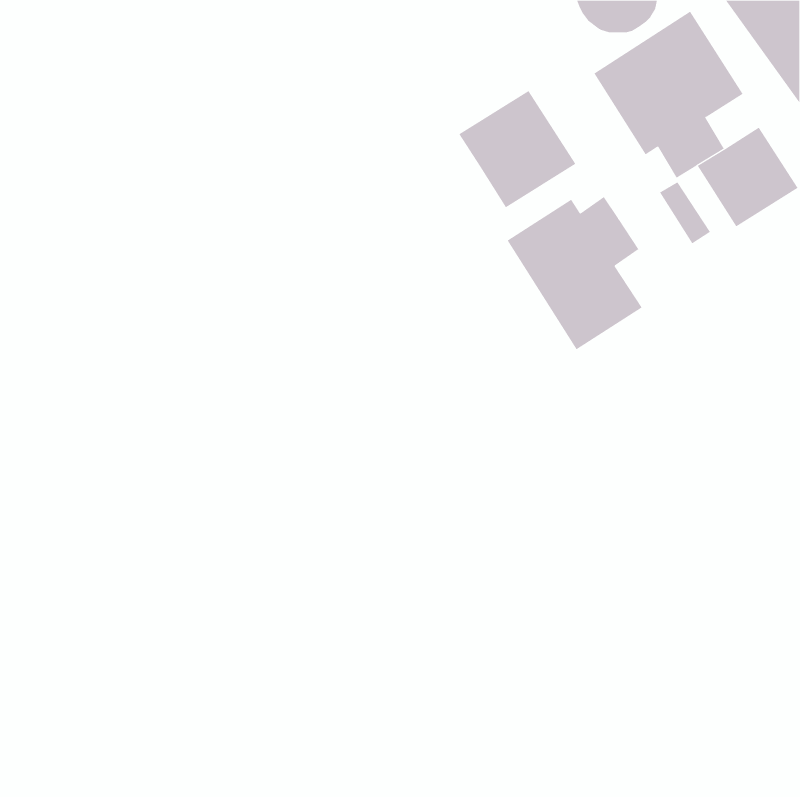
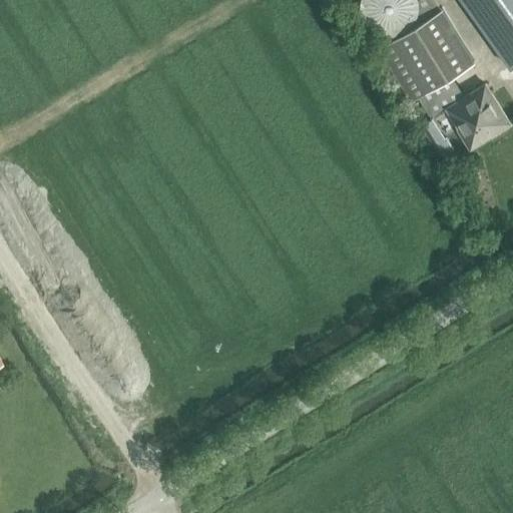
building: [458,90,576,208] -> none
building: [507,196,642,350] -> none

